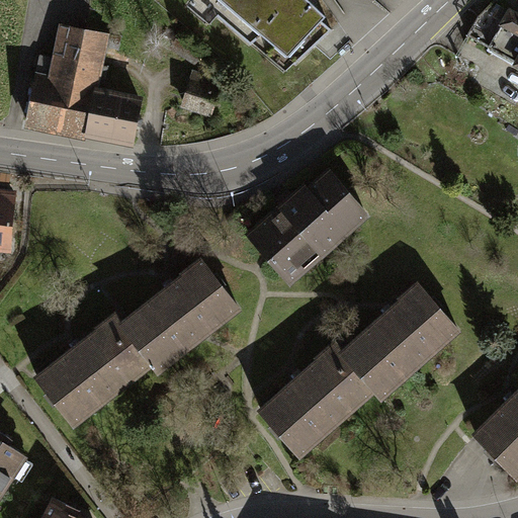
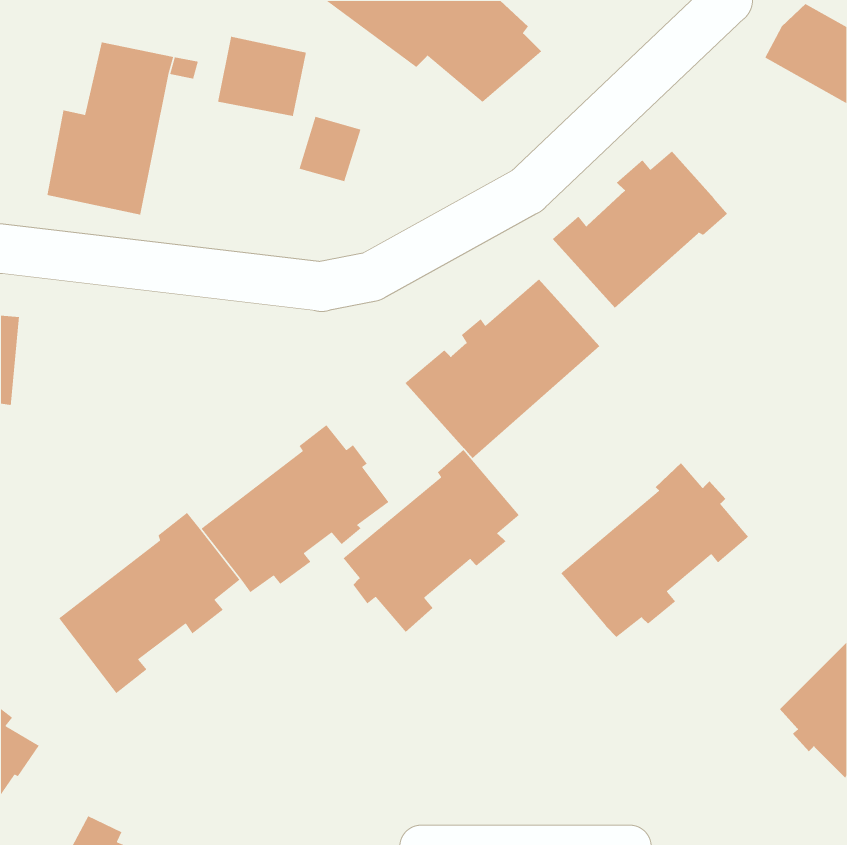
building: [86,92,141,142] -> [217,36,307,117]
building: none -> [552,150,728,309]
building: [261,343,369,455] -> [342,449,520,633]

